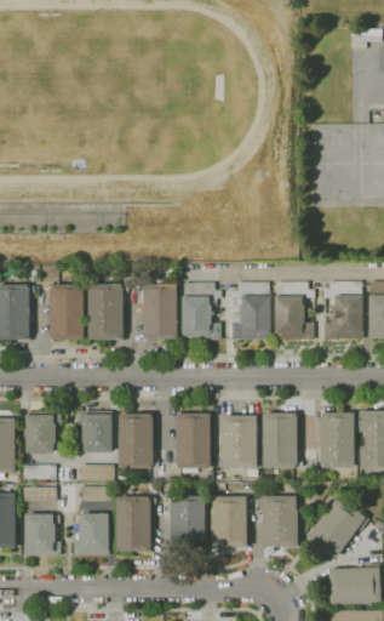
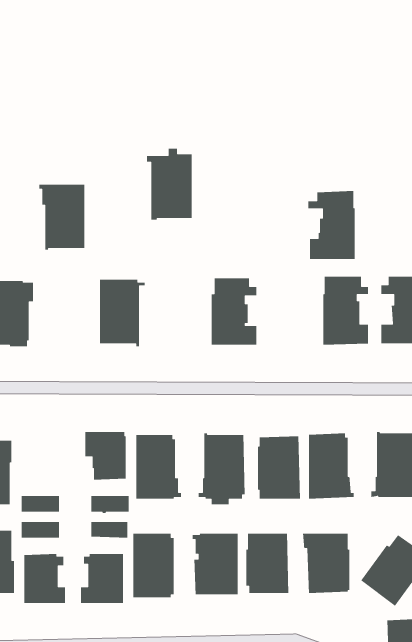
building: [137,279,176,340] -> [146,148,192,220]
building: [229,281,269,340] -> [308,190,356,260]
building: [44,285,82,341] -> [39,184,85,250]
building: [24,411,59,452] -> none

